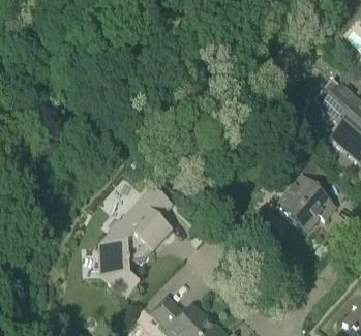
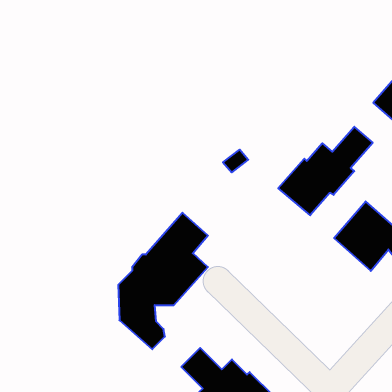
building: none -> [278,127,373,215]

